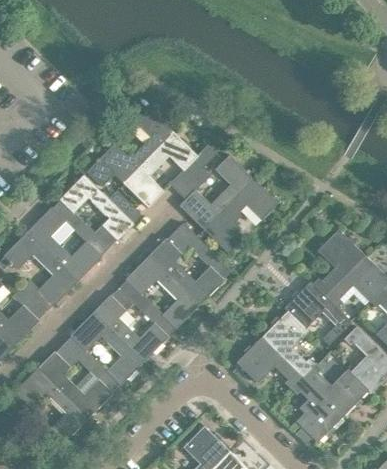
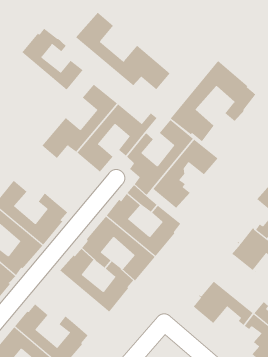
building: none -> [75,12,171,90]
building: none -> [22,28,83,90]
building: none -> [170,60,256,142]
building: [53,174,142,247] -> none
building: [64,310,145,385] -> none
building: [262,310,315,375] -> none

